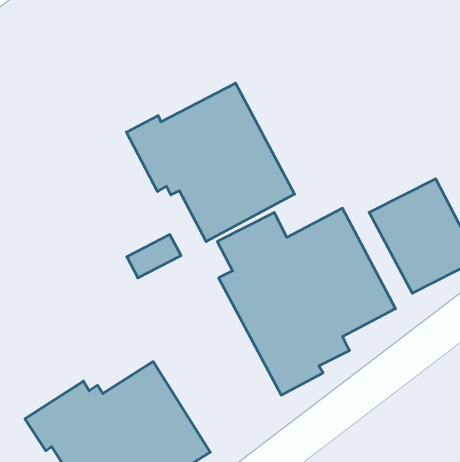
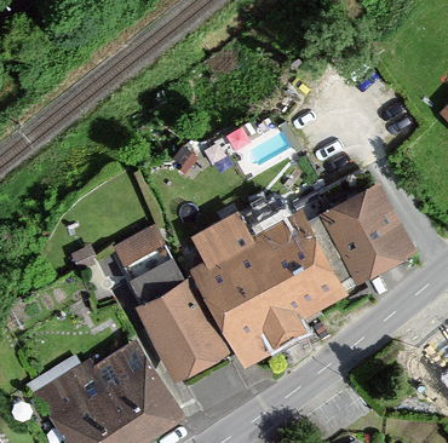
building: [126,83,295,242] -> none
building: none -> [126,258,226,382]

